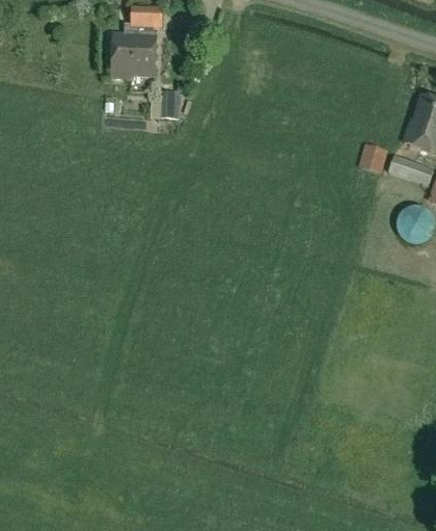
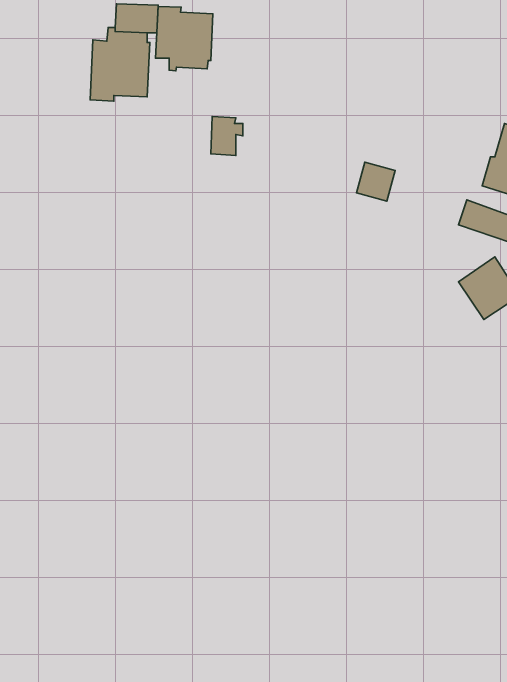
building: none -> [156,6,213,71]
building: [160,89,184,118] -> [211,116,243,155]
building: [357,142,386,171] -> [356,162,395,201]

